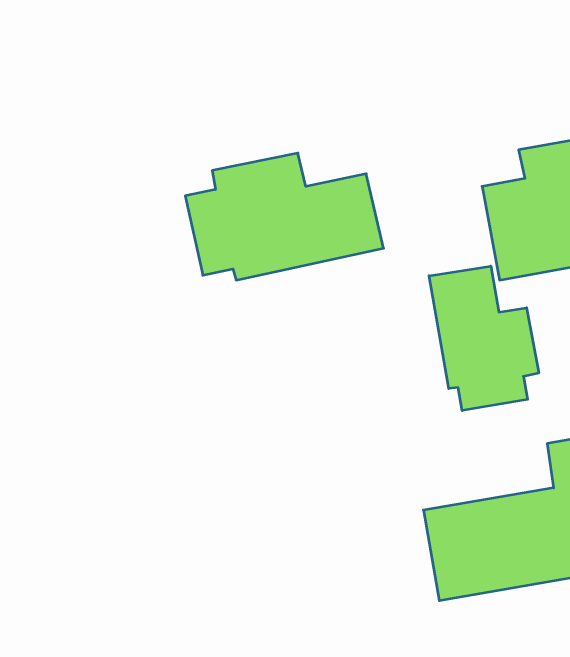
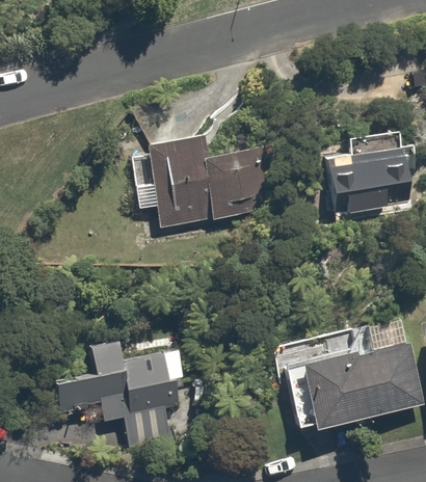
building: [429,266,539,411] -> none
building: none -> [59,339,188,455]

